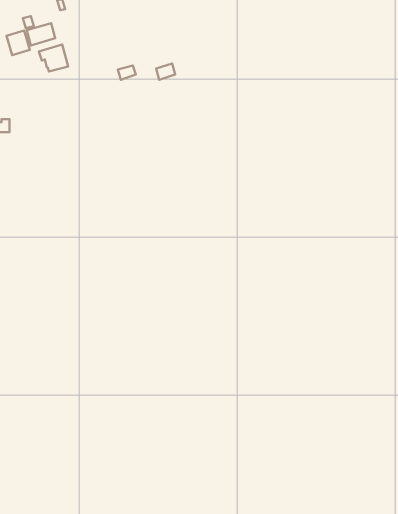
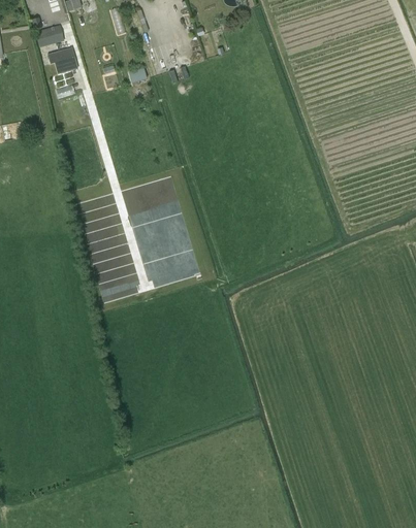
building: [6,31,30,55] -> none

